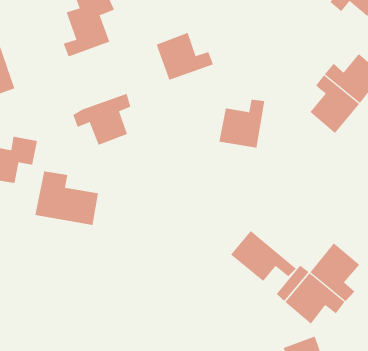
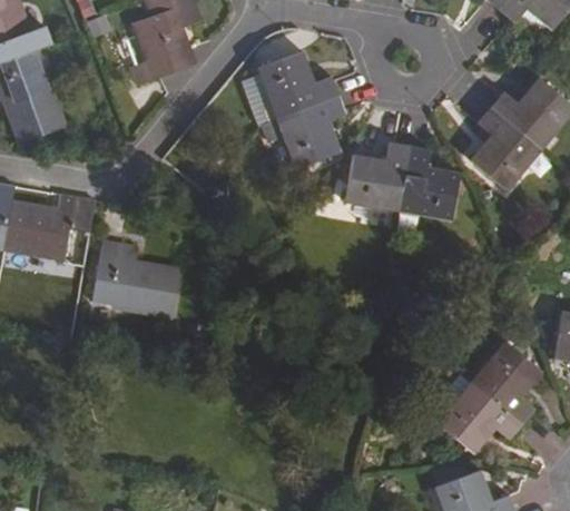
building: [72,93,131,145] -> [263,94,344,166]
building: none -> [399,144,459,218]
building: [230,230,297,282] -> none

